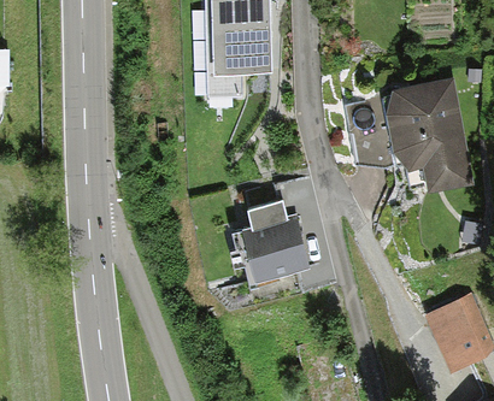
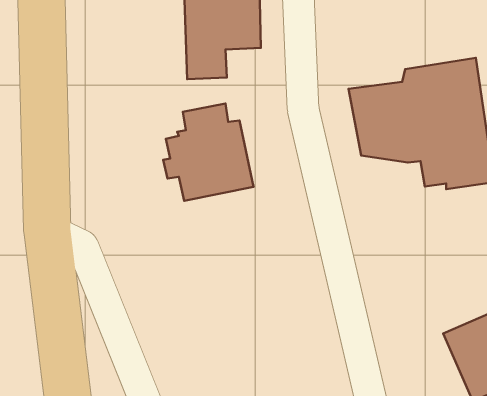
building: [233,199,310,282] -> [163,103,254,201]

